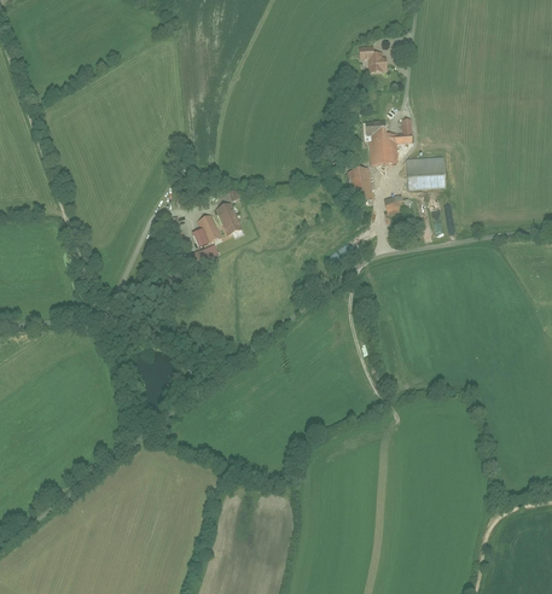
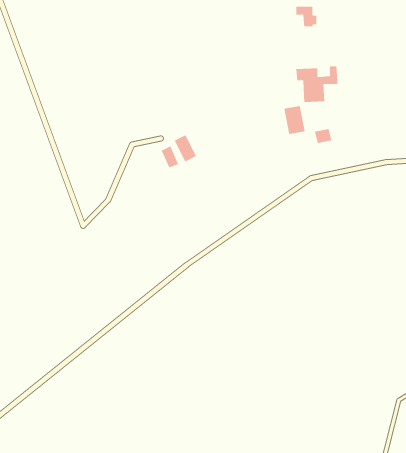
building: [405,157,444,191] -> none

